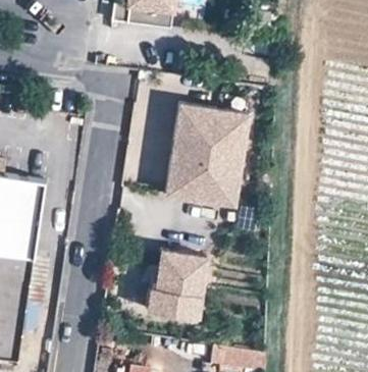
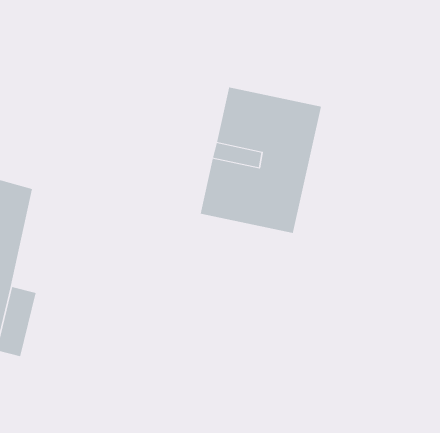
building: [142,246,201,313] -> none

